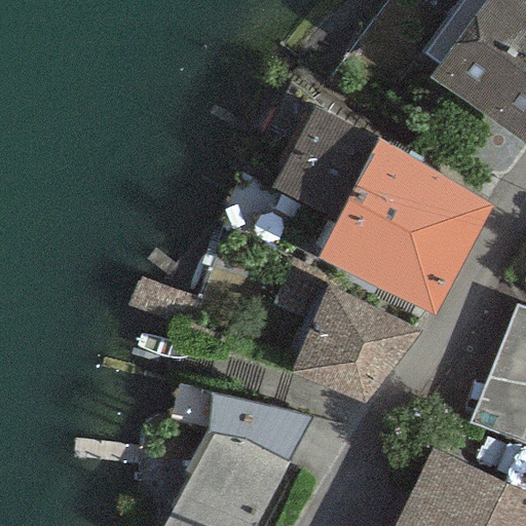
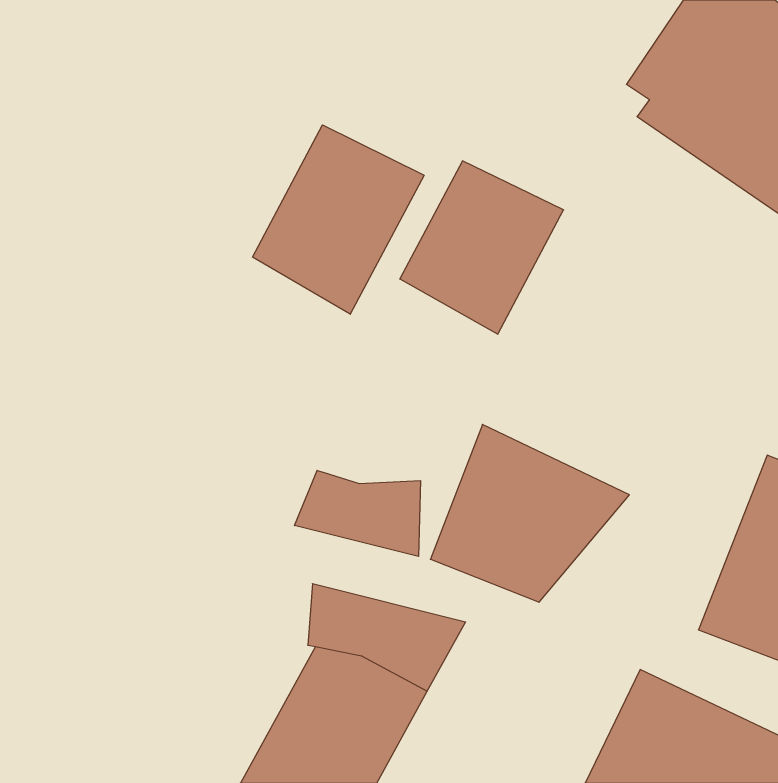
building: none -> [253,125,424,314]
building: [320,141,494,314] -> none
building: none -> [295,470,420,556]

